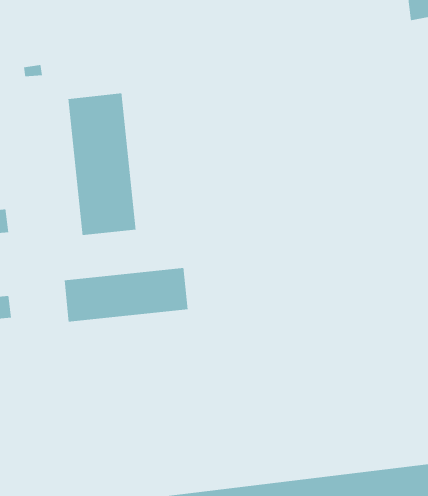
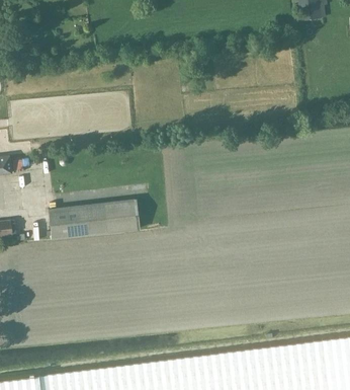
building: [68,93,136,236] -> none

